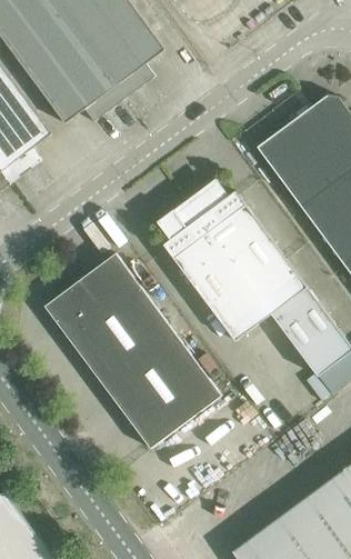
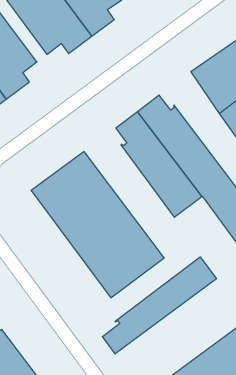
building: none -> [102,257,216,354]

